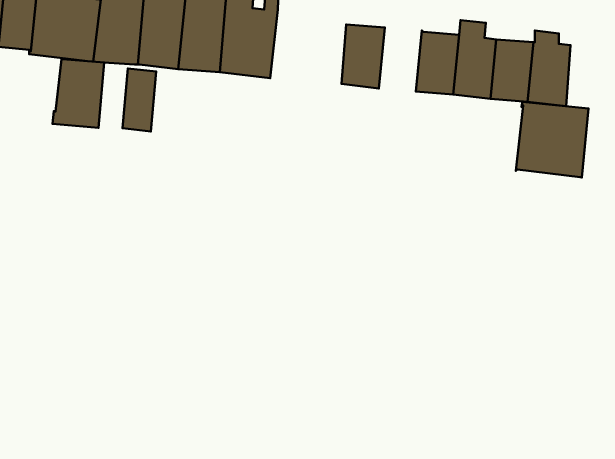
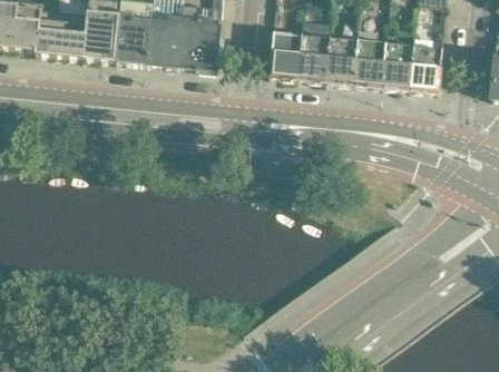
building: none -> [297,20,333,82]
building: [53,59,104,128] -> none
building: [123,68,156,131] -> none
building: [516,102,588,177] -> none

